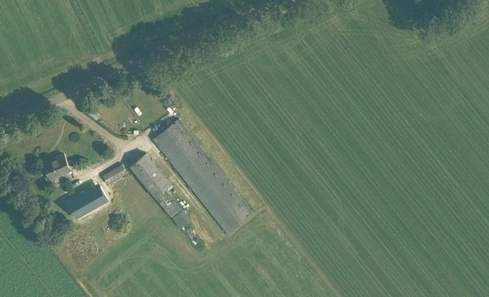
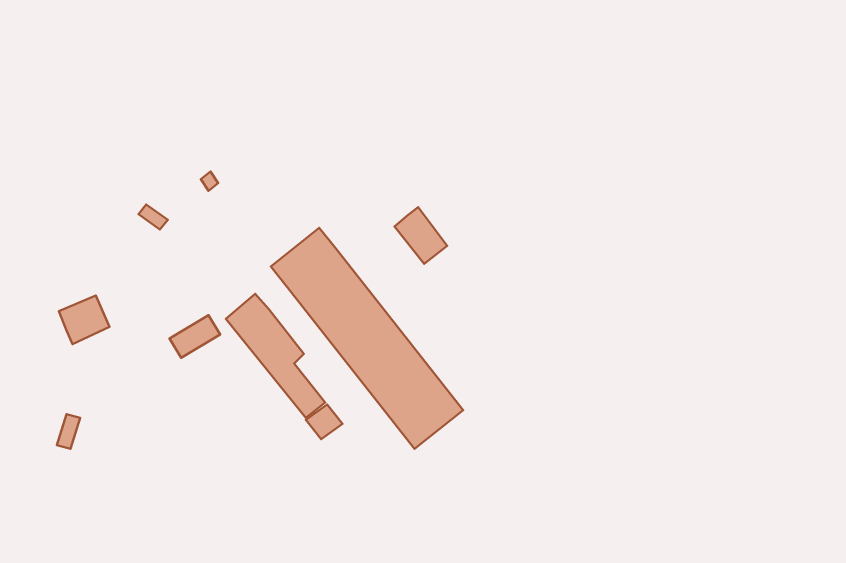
building: none -> [394,207,447,264]
building: [66,188,97,218] -> none

